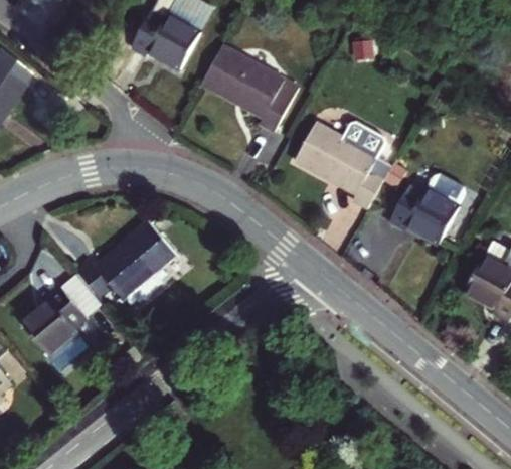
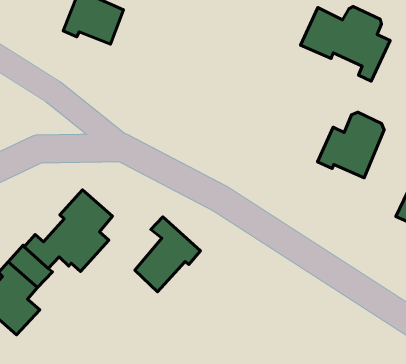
building: [201,45,297,130] -> none
building: [294,124,390,209] -> [301,6,390,81]
building: none -> [135,217,201,292]

